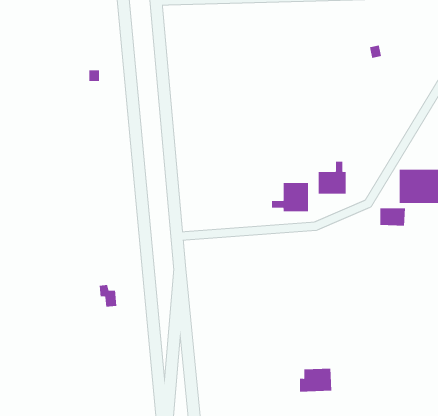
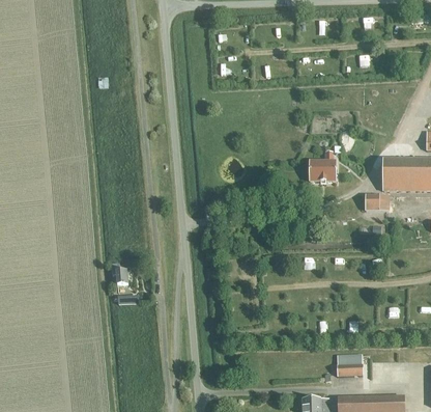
building: [271,182,309,212] -> none
building: [299,368,332,392] -> [332,354,362,376]

